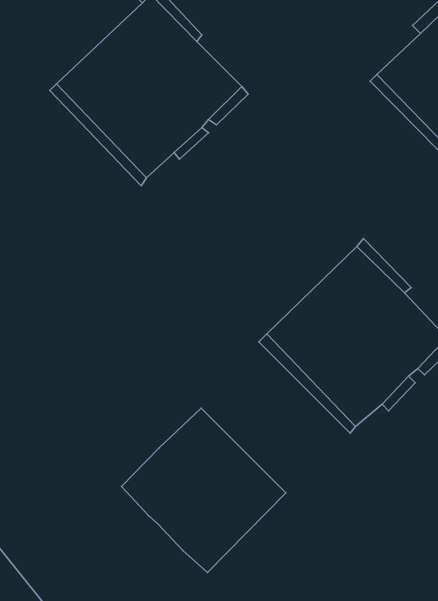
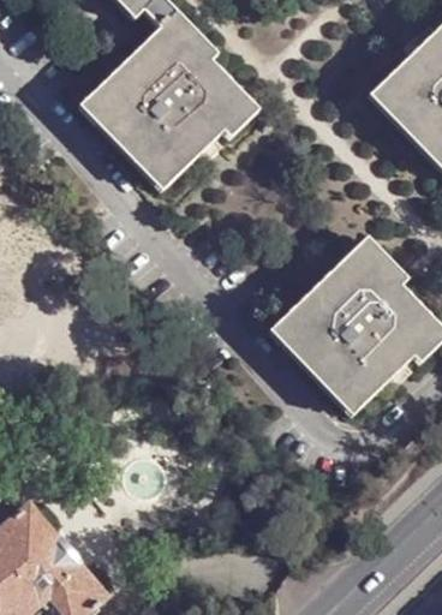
building: [122,408,286,573] -> none

